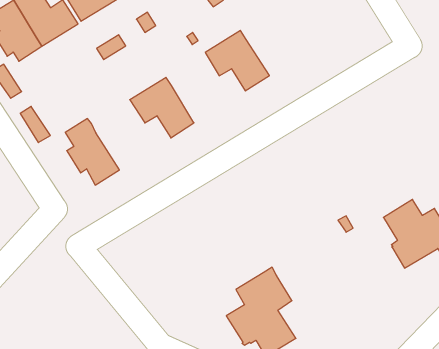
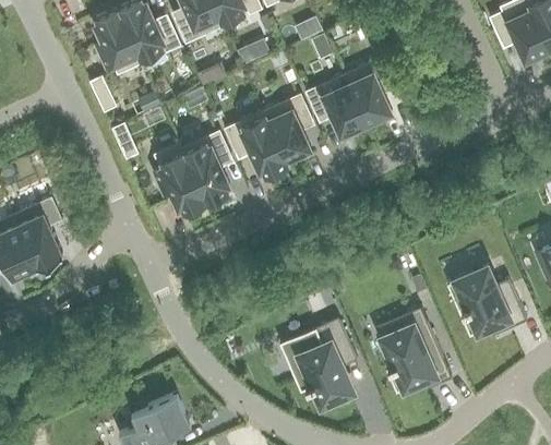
building: none -> [340,59,391,125]
building: none -> [260,96,310,163]
building: none -> [179,132,228,200]
building: none -> [384,309,454,394]

